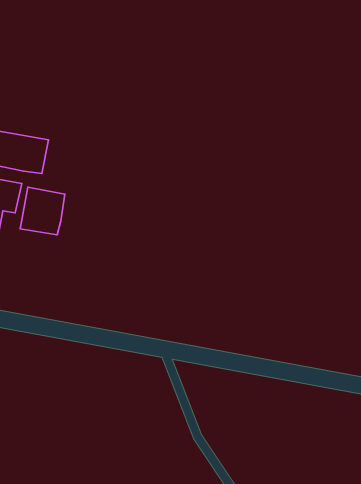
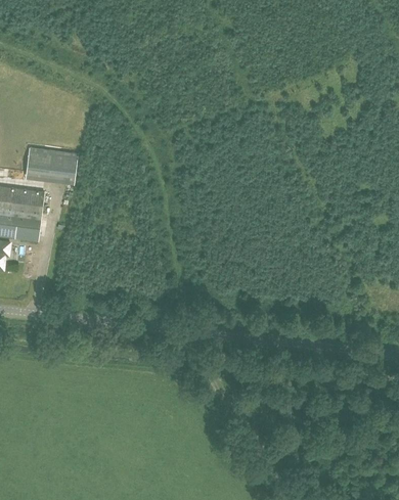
building: [20,187,65,235] -> none

